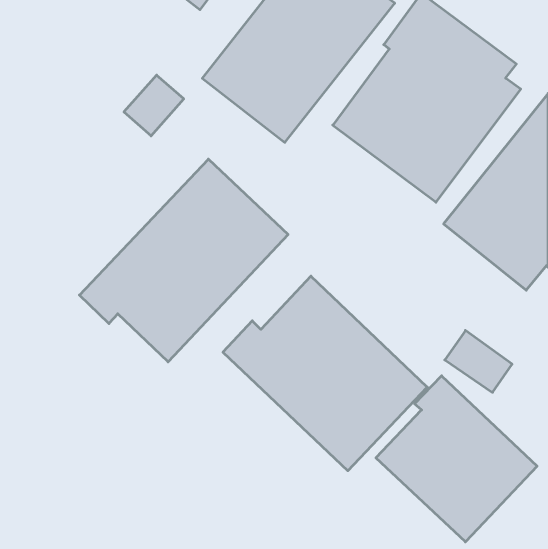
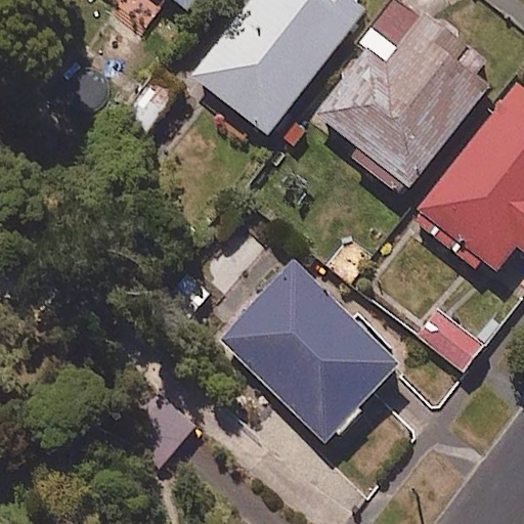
building: [79,159,288,362] -> none
building: [376,376,537,542] -> none

